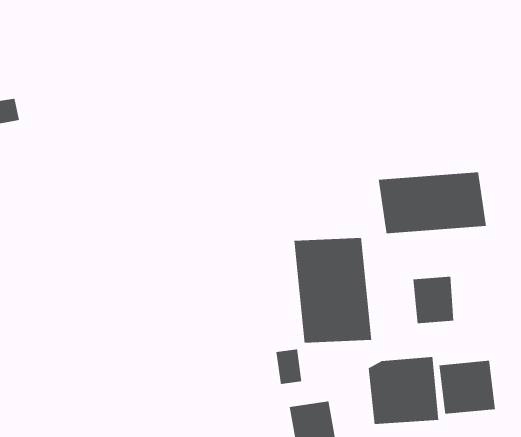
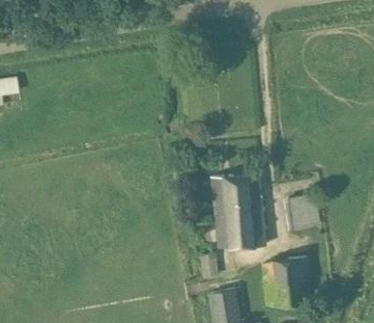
building: [378,171,487,234] -> none
building: [439,360,495,415] -> none

